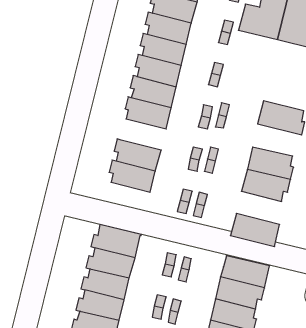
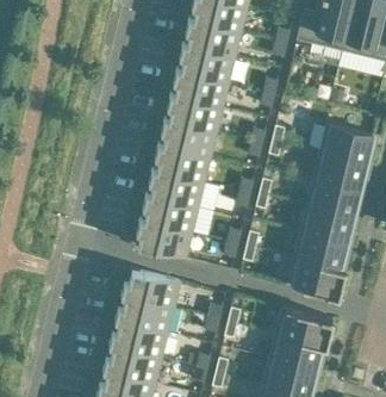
building: none -> [154,144,210,182]
building: none -> [312,151,371,190]
building: none -> [136,219,191,259]
building: none -> [293,231,348,271]

